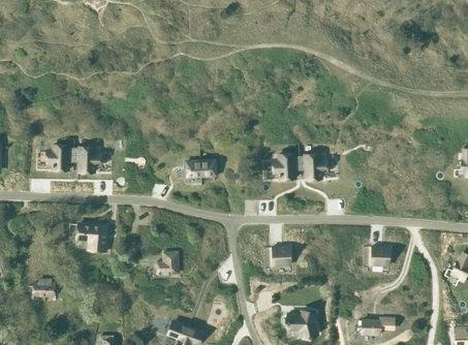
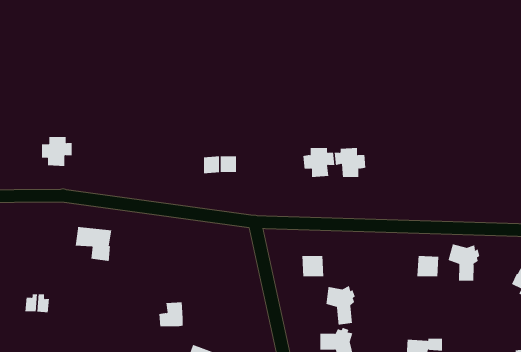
building: [73,147,100,172] -> none
building: none -> [448,243,480,281]
building: [156,252,178,274] -> [158,302,184,327]
building: none -> [326,285,355,325]

